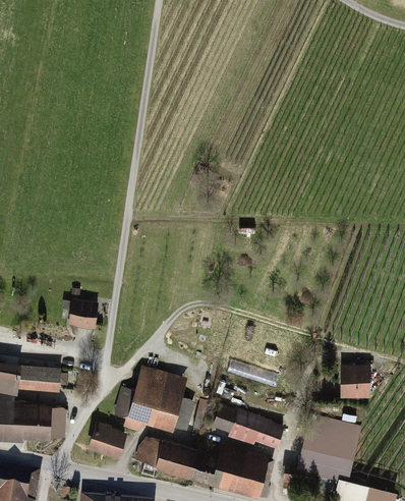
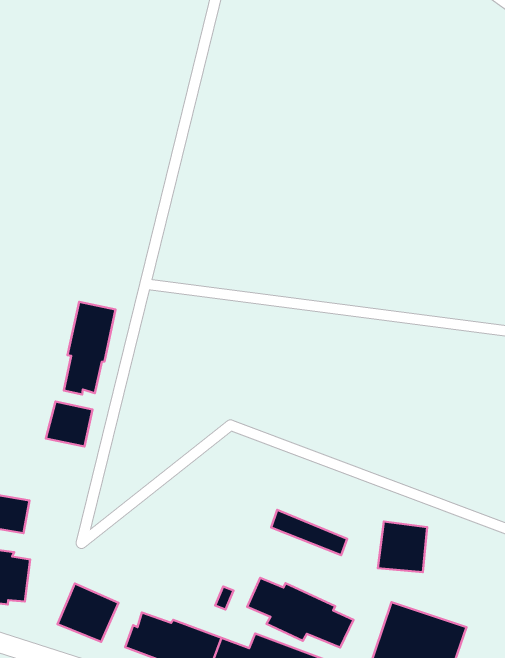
building: none -> [64,302,116,394]
building: [339,366,369,397] -> [378,522,427,572]
building: [113,368,194,433] -> none

